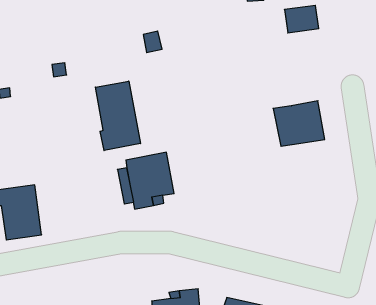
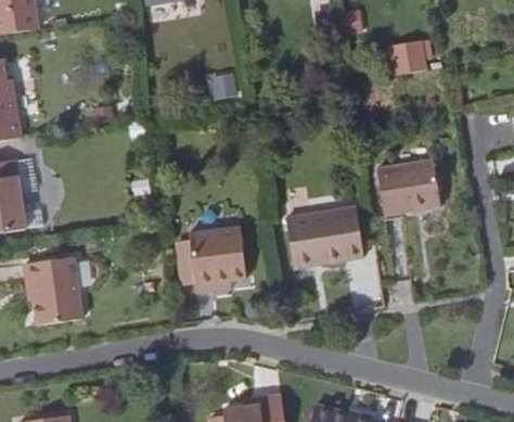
building: [95,81,140,151] -> none
building: none -> [287,206,362,268]

